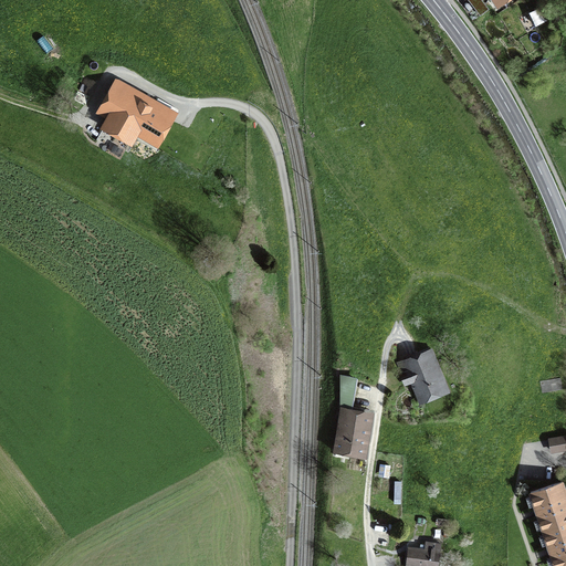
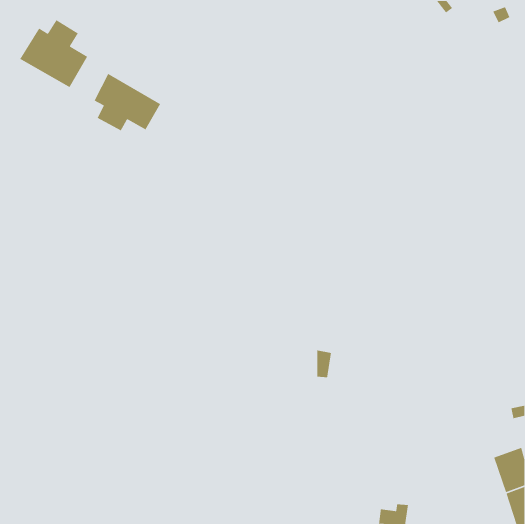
building: none -> [19,19,88,88]
building: [401,353,447,399] -> none
building: [336,412,369,454] -> none

